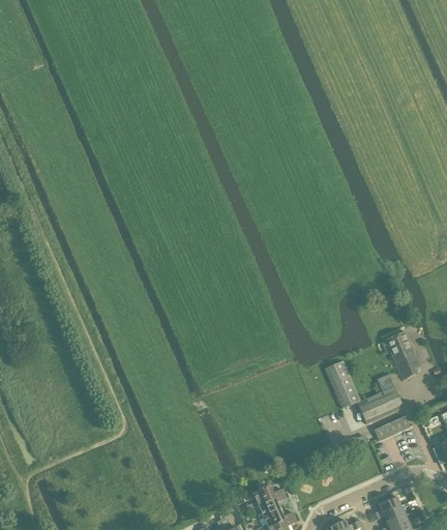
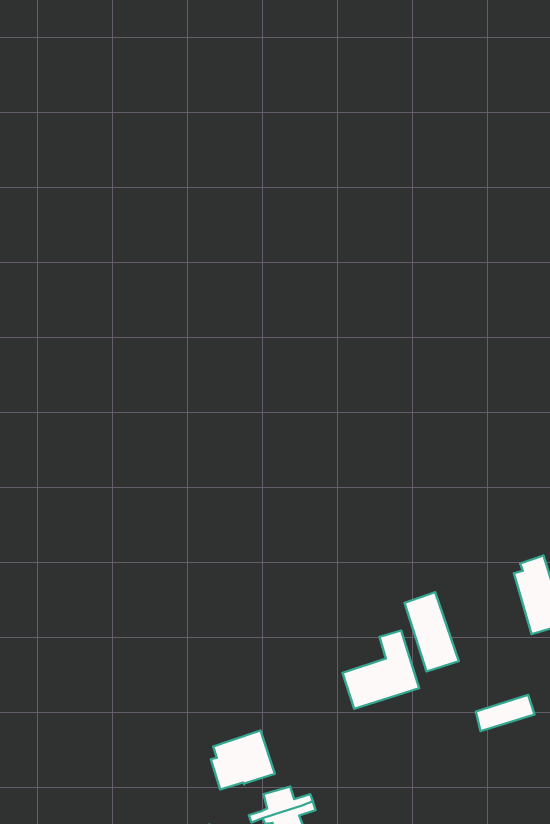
building: [357,374,404,423] -> [343,631,419,709]
building: none -> [211,731,275,789]

